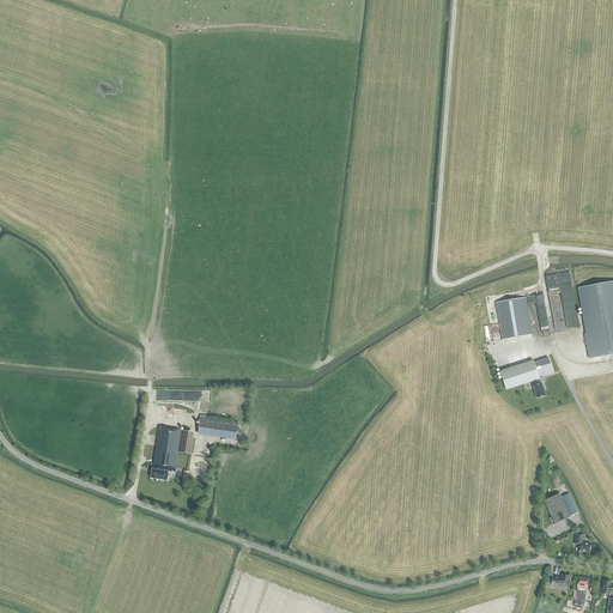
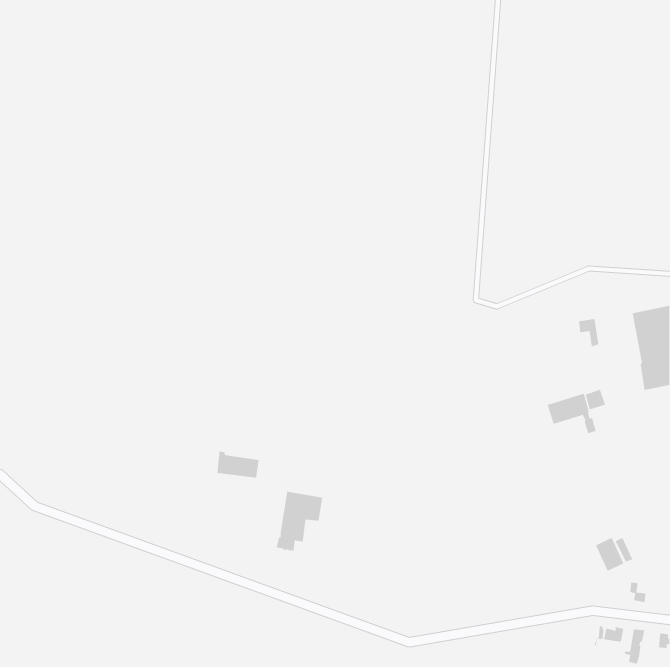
building: [496,296,532,338] -> none
building: [150,424,193,479] -> [276,491,323,551]

